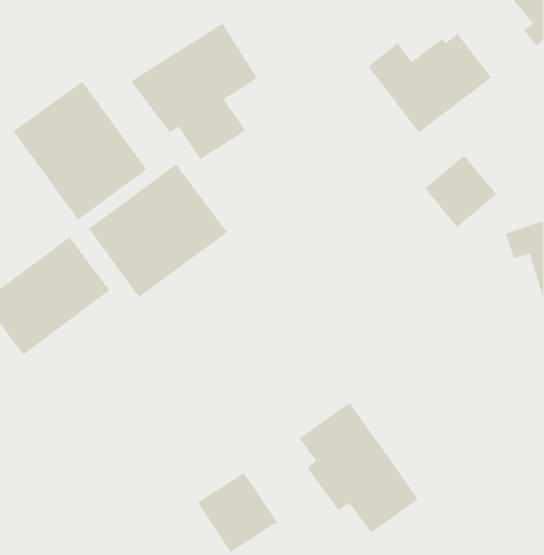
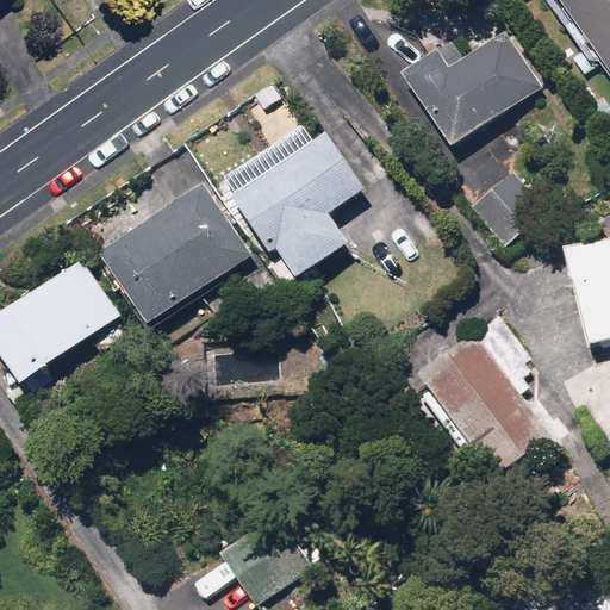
building: [130,23,258,160] -> [229,129,368,279]
building: [13,81,147,220] -> none
building: [299,402,419,533] -> [418,332,549,475]

